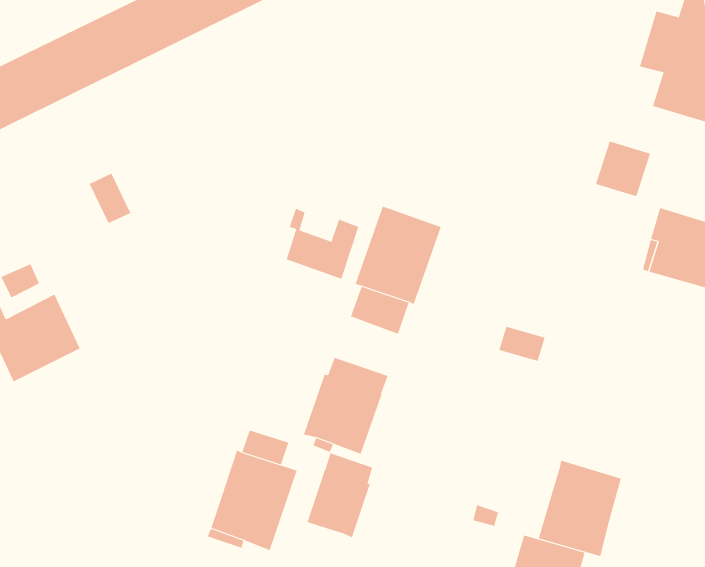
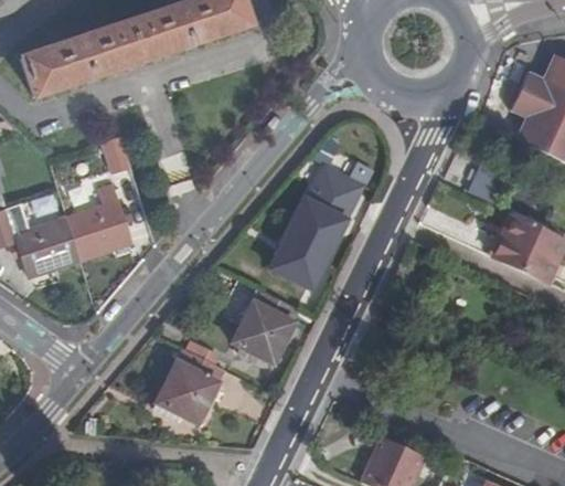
building: [286,208,359,280] -> [312,150,369,207]
building: none -> [66,183,131,260]
building: [307,452,373,538] -> none
building: [538,460,621,557] -> none

